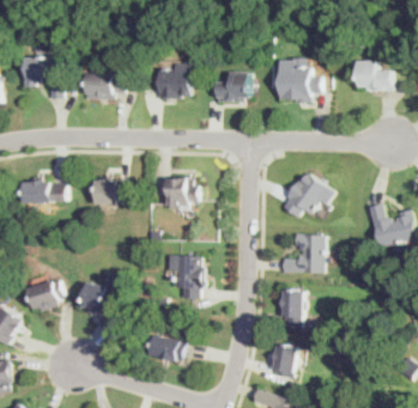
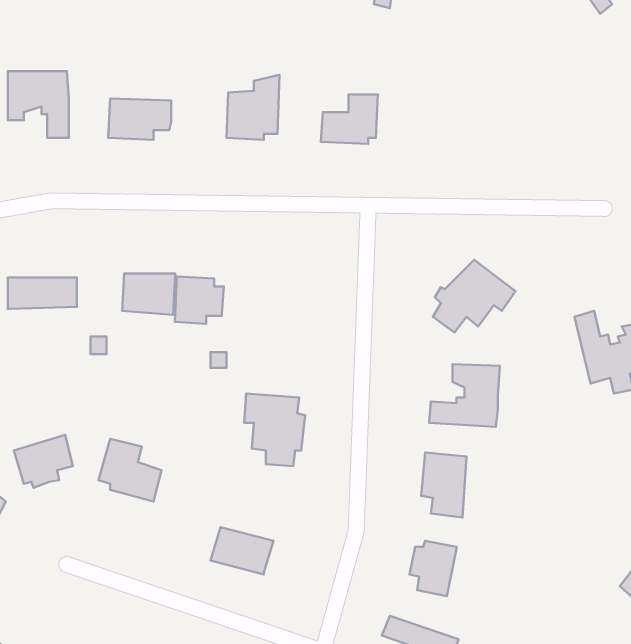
building: [279,57,322,104] -> none
building: [357,61,392,91] -> none
building: [168,178,198,207] -> [175,277,224,324]

